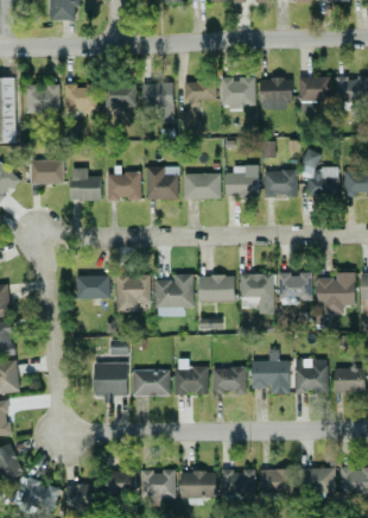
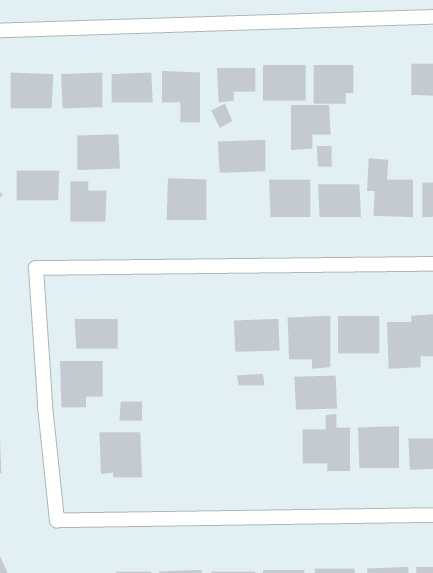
building: [299,76,331,112] -> [290,104,331,150]
building: [107,171,141,200] -> [76,134,121,171]
building: [183,172,221,198] -> [217,139,266,173]
building: [156,273,193,316] -> none
building: [116,274,151,311] -> [59,360,104,408]
building: [175,358,208,393] -> none
building: [212,366,247,393] -> [294,375,338,410]
building: [133,369,170,396] -> none

